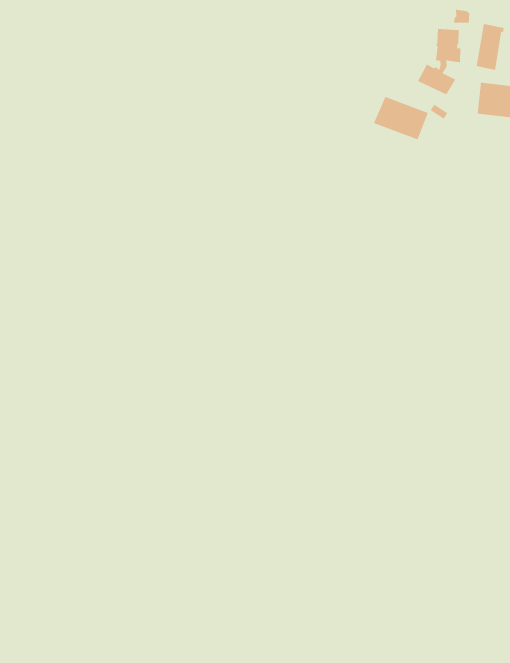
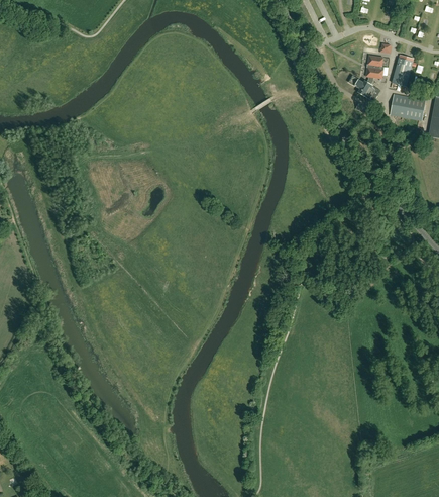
building: [373,96,429,140] -> none

